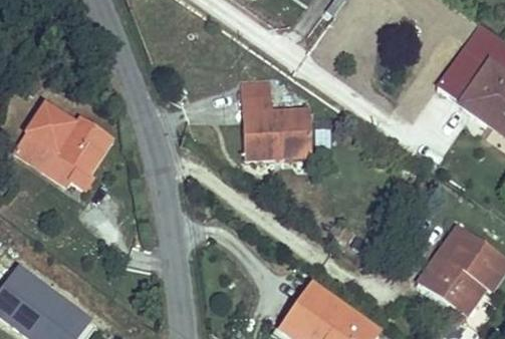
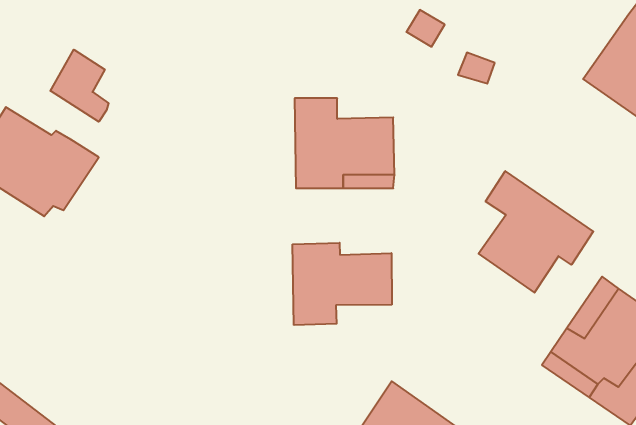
building: none -> [50,50,109,122]
building: none -> [479,171,593,293]
building: none -> [293,243,392,325]

